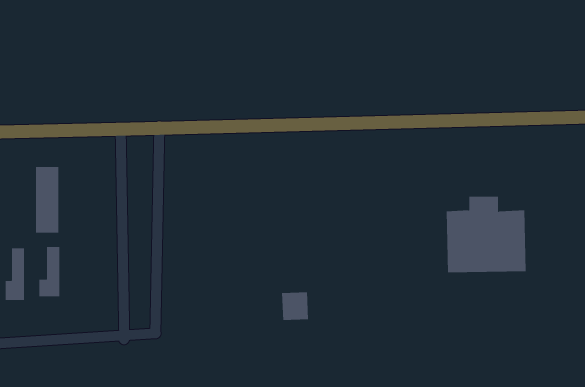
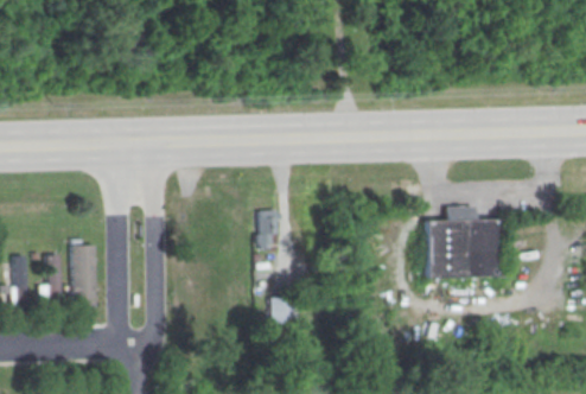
building: [35,167,59,233] -> [72,243,95,306]
building: none -> [256,209,278,243]

